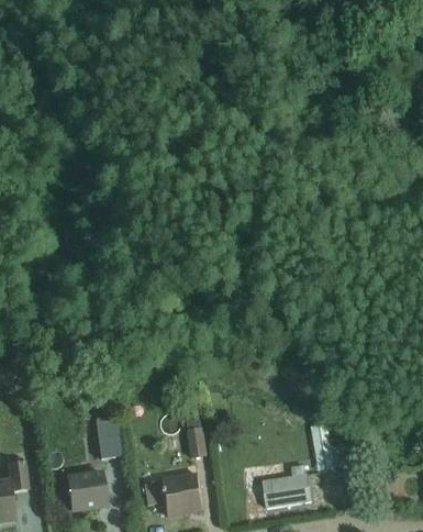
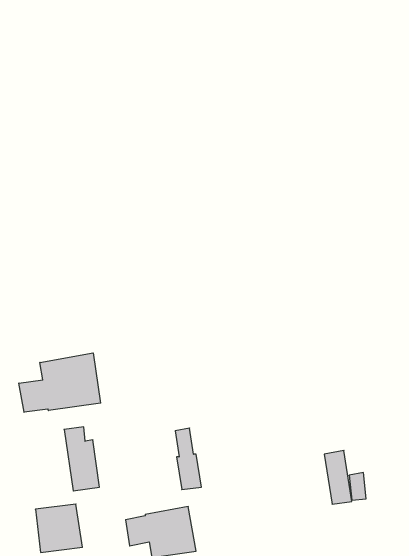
building: none -> [19,353,101,412]
building: [263,466,311,509] -> none

